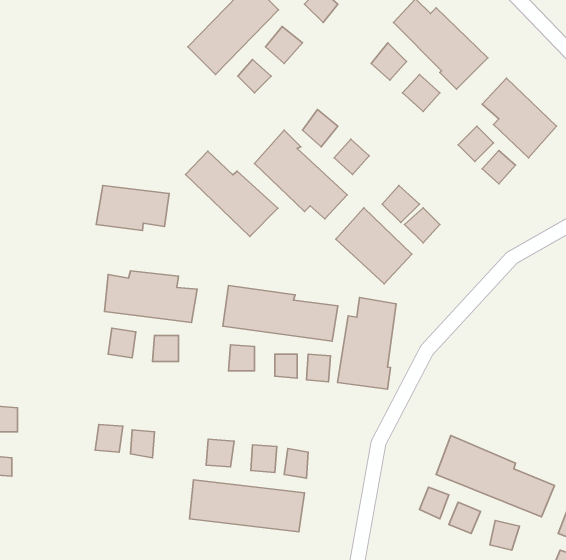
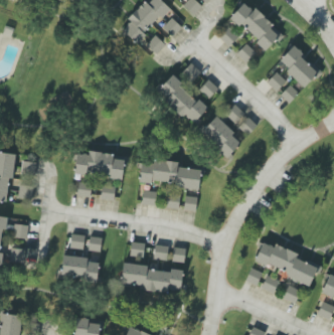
building: [186,151,278,236] -> none
building: [96,185,169,230] -> none
building: [338,298,396,389] -> none
building: none -> [61,255,99,281]

